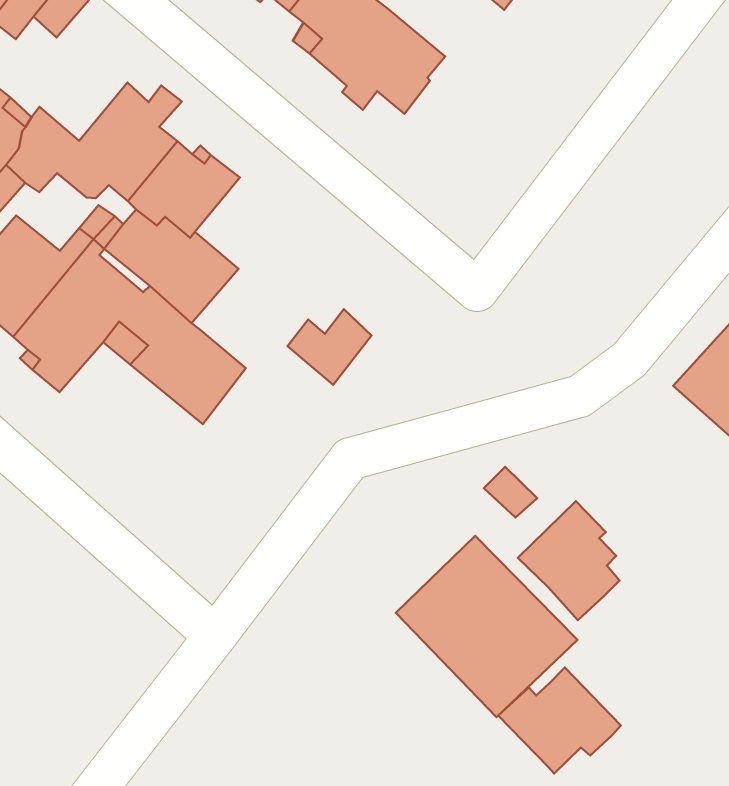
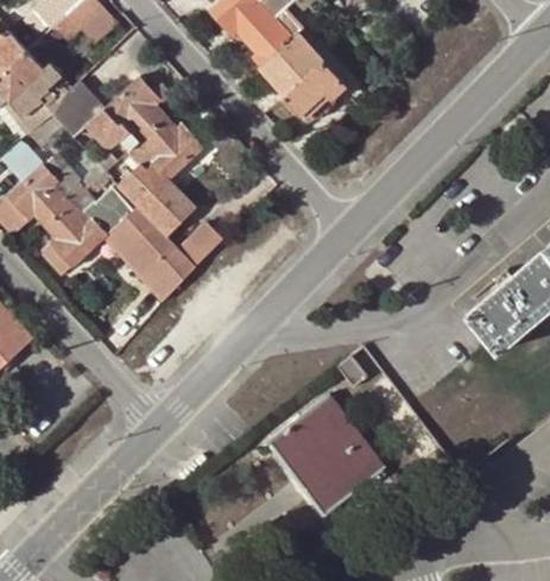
building: [287,309,371,385] -> [167,221,222,269]
building: [518,501,620,620] -> none
building: [498,668,621,774] -> none

